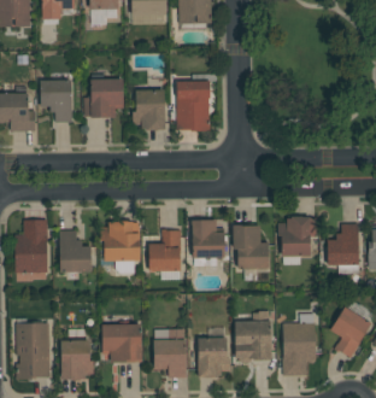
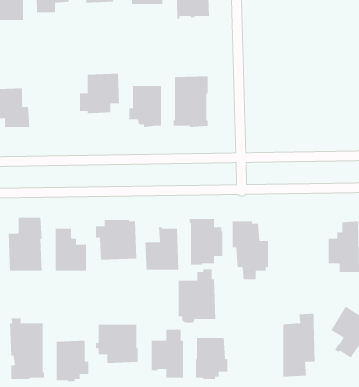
building: [40,80,71,123] -> none
building: [277,216,317,257] -> none
building: [234,311,271,364] -> [178,269,216,323]

